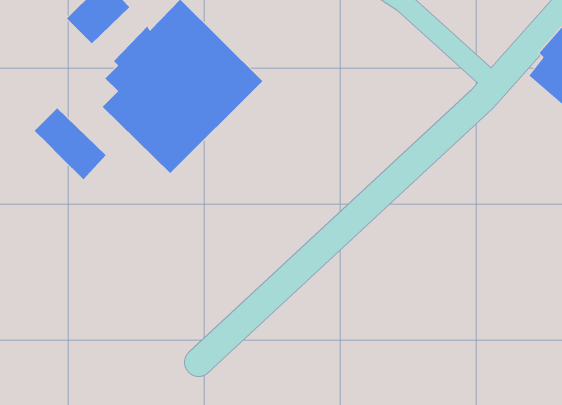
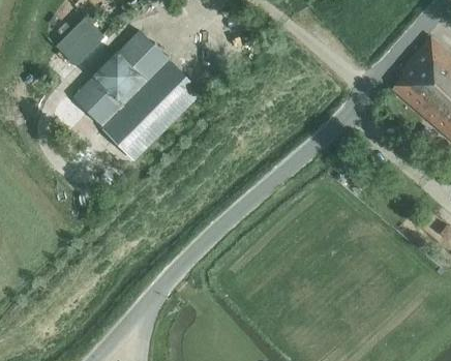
building: [34,107,107,180] -> none

